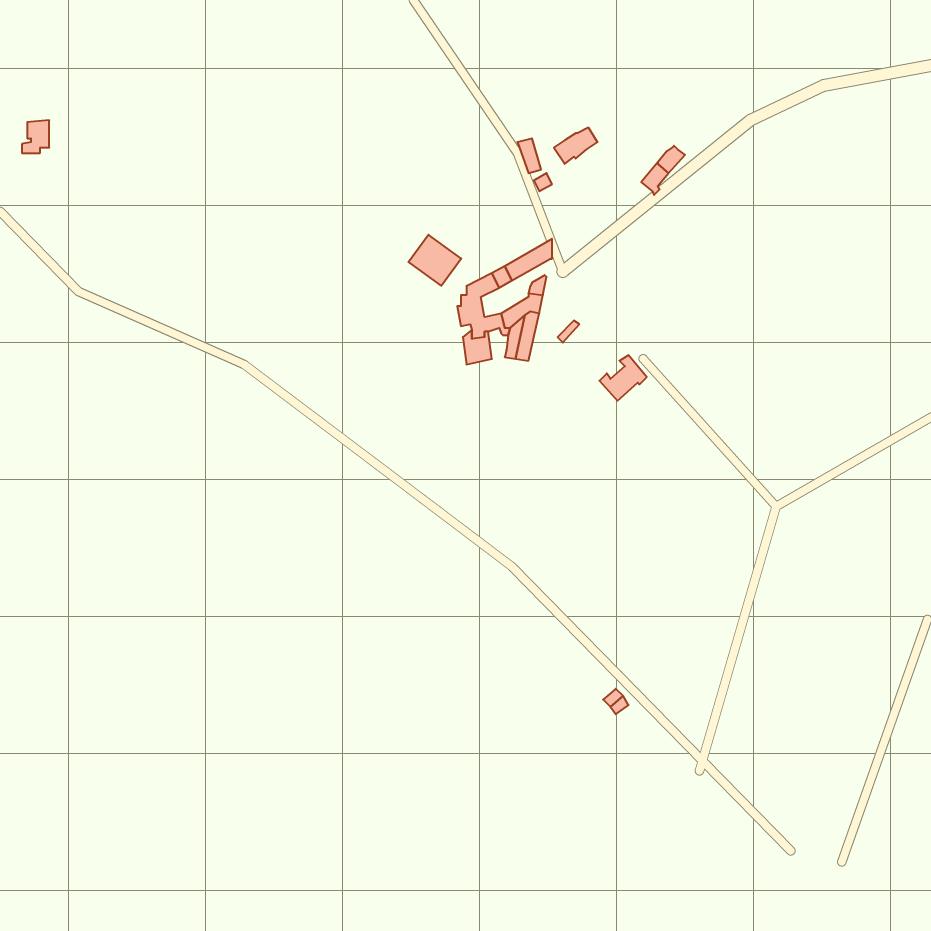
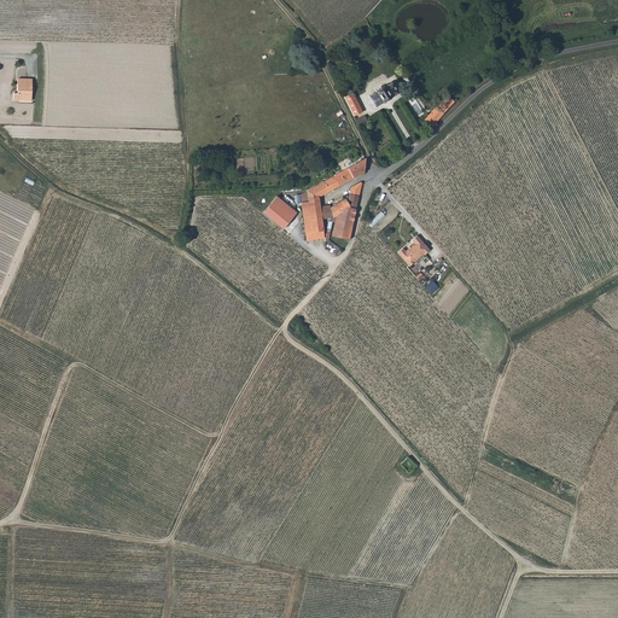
building: [408,235,461,286] -> [260,194,295,228]

